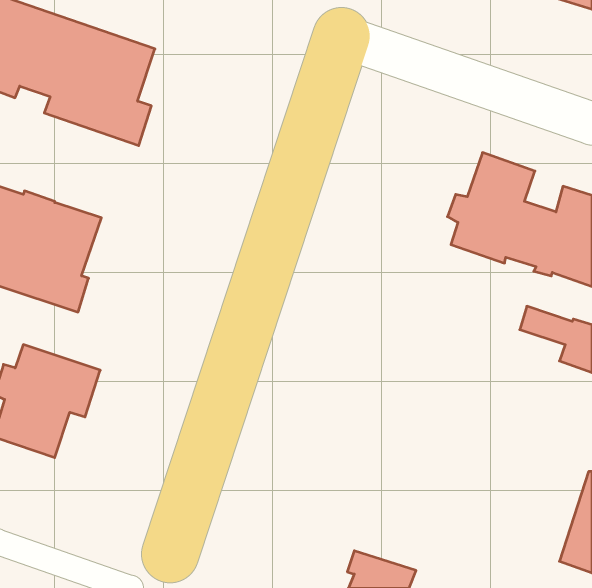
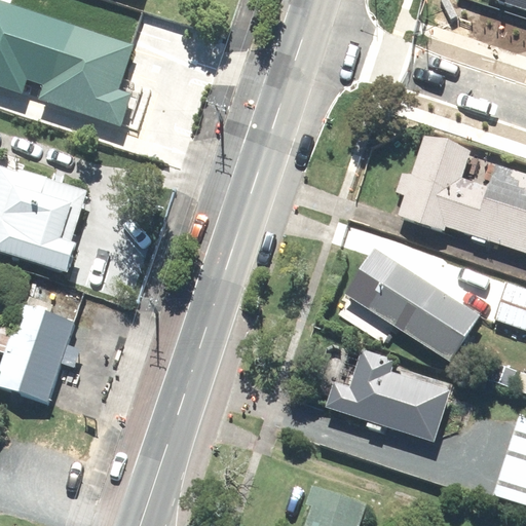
building: none -> [343,245,480,361]
building: none -> [326,349,452,443]

